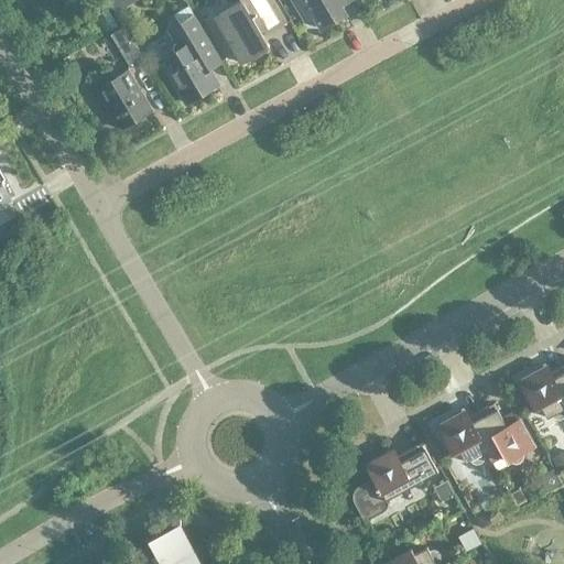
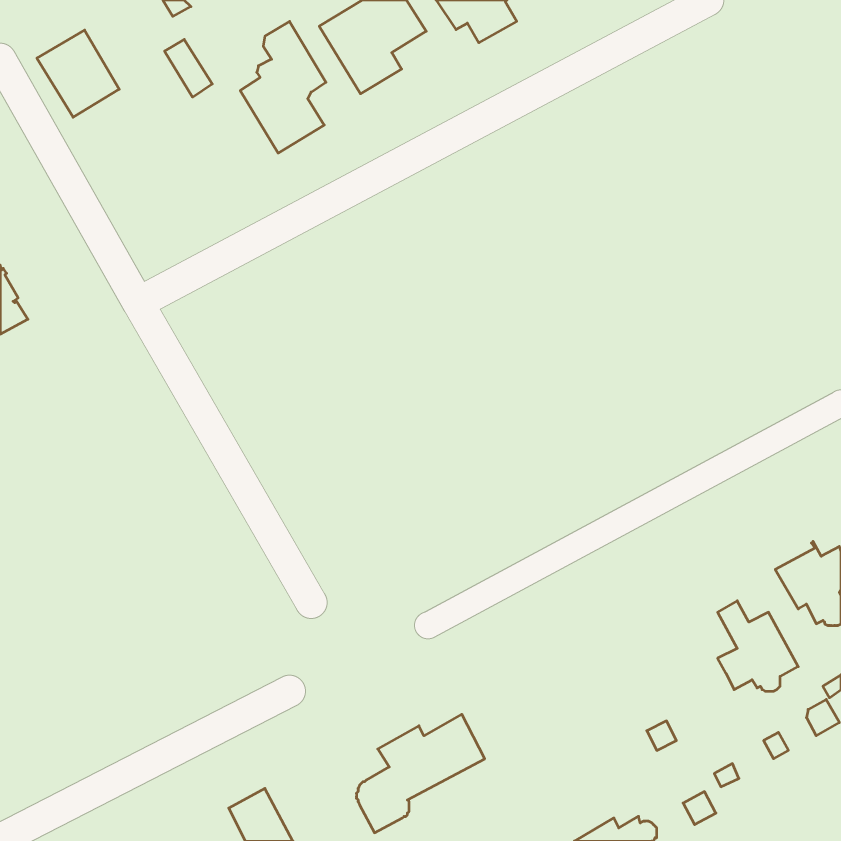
building: [96,70,151,129] -> [37,30,119,117]
building: [438,408,494,464] -> none
building: [351,442,437,521] -> [356,714,485,833]

